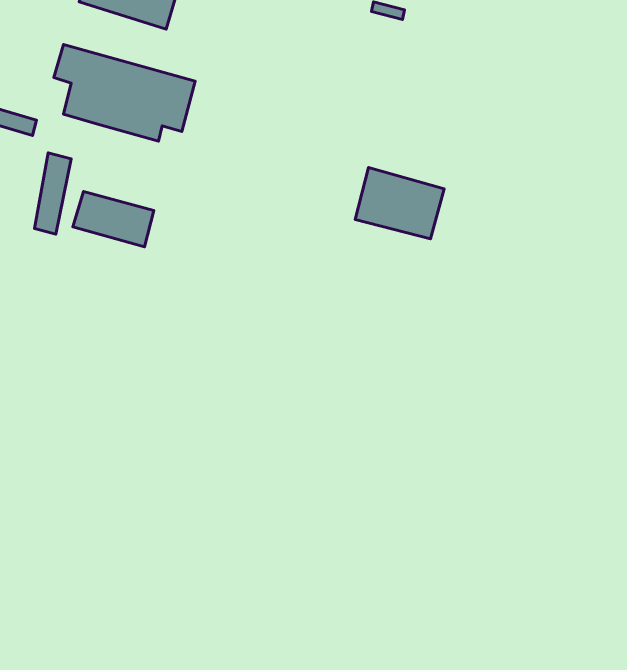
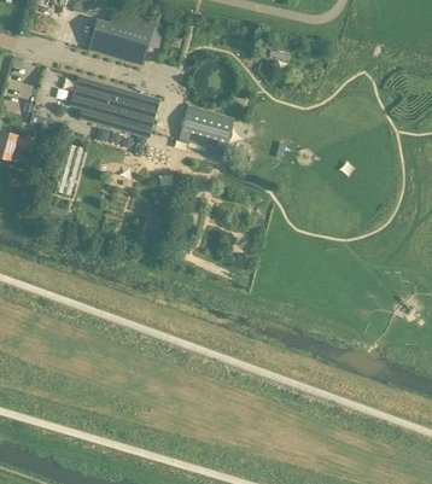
building: [355,167,444,239] -> [177,105,233,150]
building: [73,191,154,247] -> none

